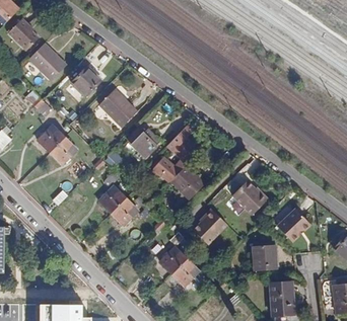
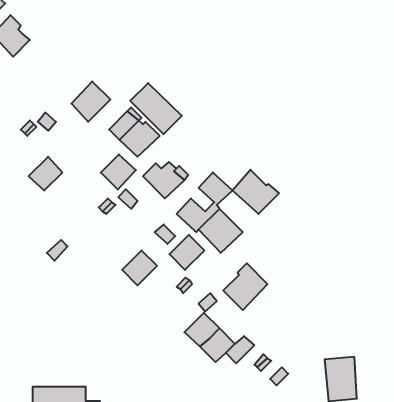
building: [30,37,68,74] -> none
building: none -> [130,83,182,134]
building: [49,137,76,164] -> [101,154,136,190]
building: [229,179,266,214] -> [232,170,279,214]
building: [97,185,125,213] -> [169,235,204,270]
building: [277,208,311,242] -> none
building: [251,245,276,270] -> none

